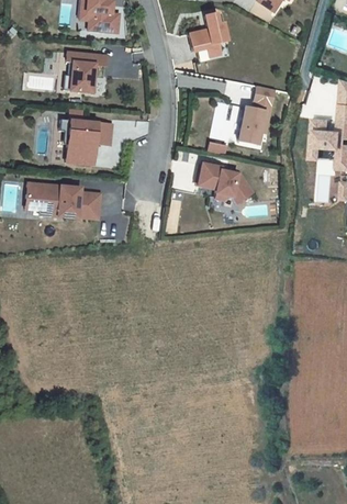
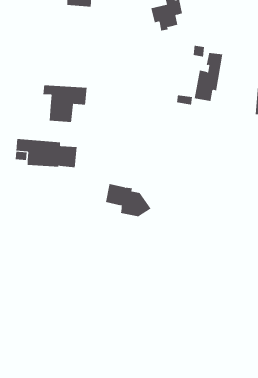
building: [63,53,105,93] -> none
building: [198,164,253,203] -> [105,184,151,217]

